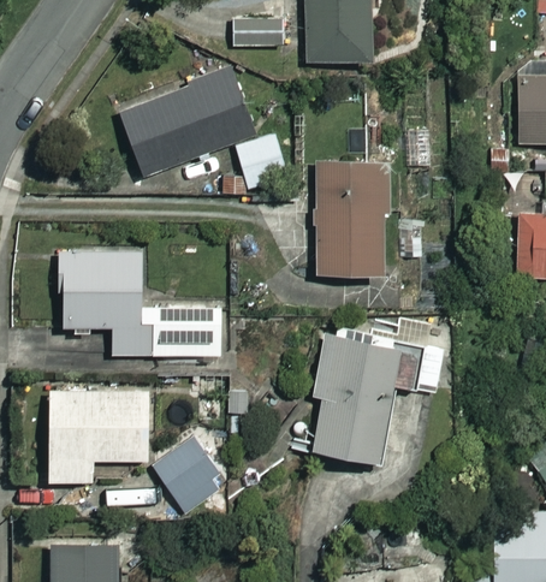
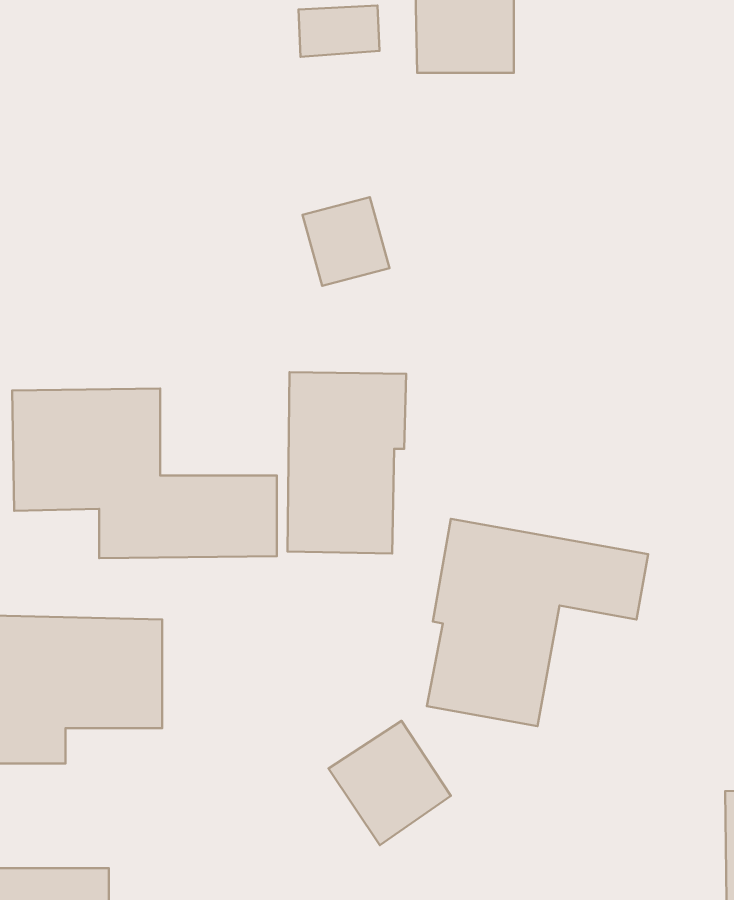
building: [119,71,255,177] -> none
building: [315,161,387,272] -> [288,372,406,554]
building: [154,438,229,513] -> [328,721,451,845]

